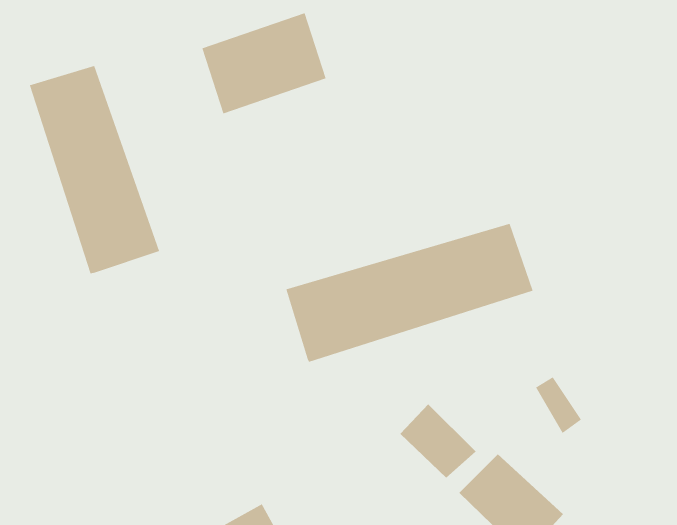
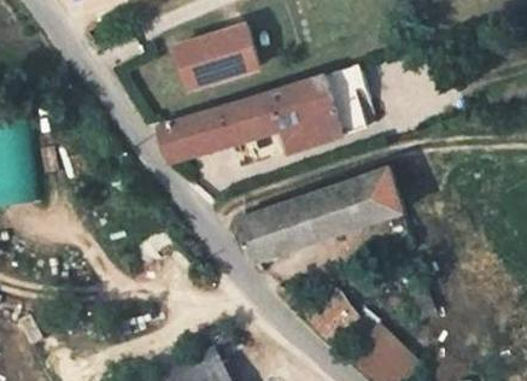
building: [29,65,160,274] -> none
building: none -> [156,65,370,162]

